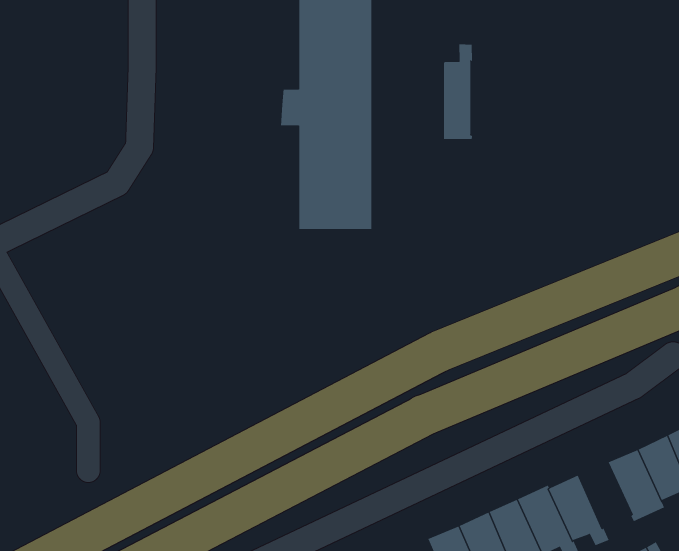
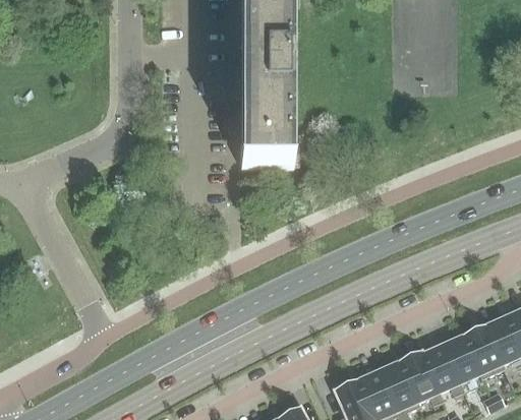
building: [444,43,472,140] -> none
building: none -> [444,333,482,380]

